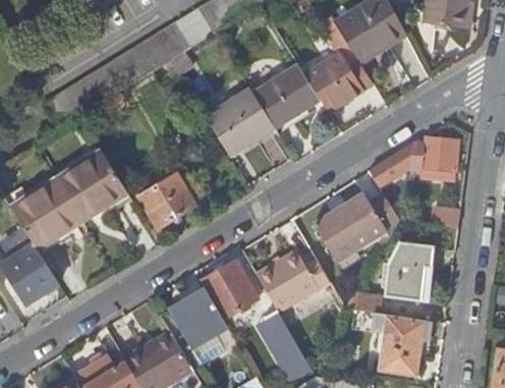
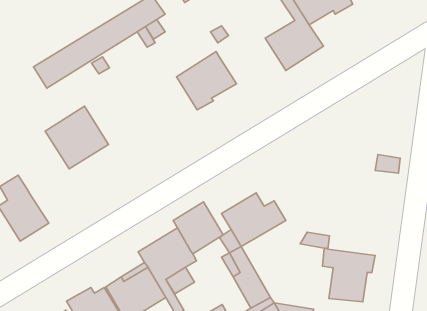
building: [252,64,321,130] -> none
building: [369,134,457,186] -> none
building: [137,172,209,228] -> none
building: [10,179,82,251] -> none
building: [313,191,399,258] -> none
building: [385,241,435,300] -> none

